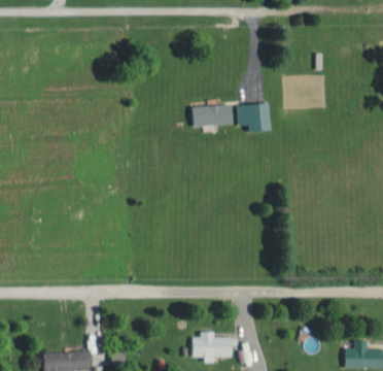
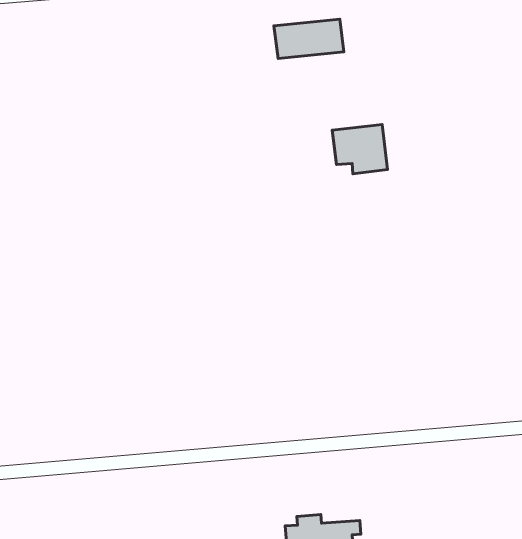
building: [192,105,232,126] -> [274,19,344,59]

